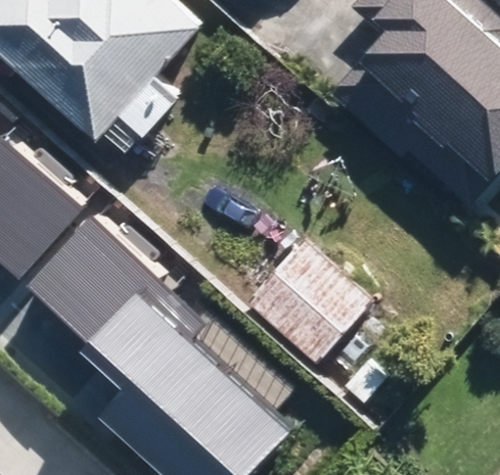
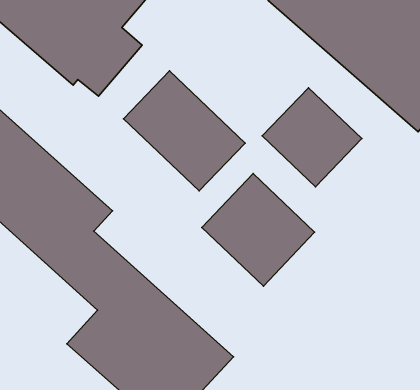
building: none -> [123,71,245,191]
building: none -> [262,88,362,187]

